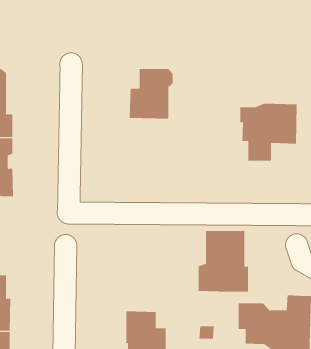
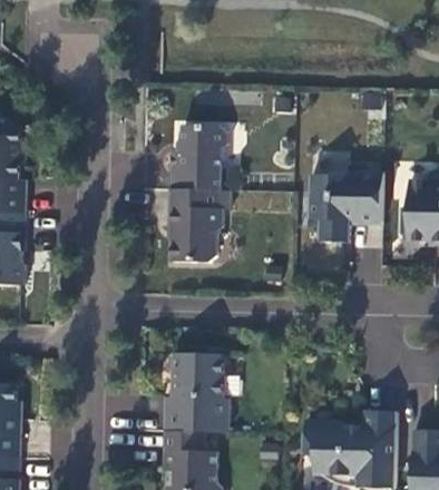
building: none -> [169,189,228,263]
building: [198,231,249,292] -> [165,354,228,431]

